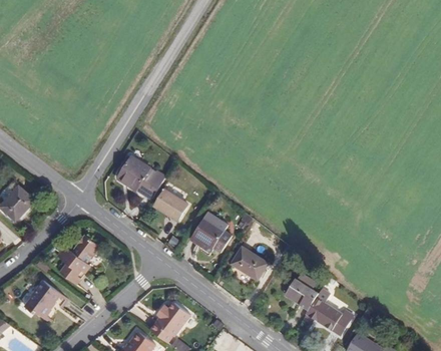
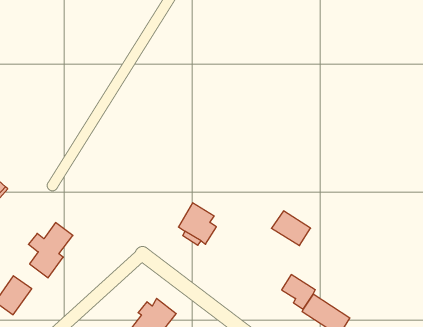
building: [118,157,163,200] -> none
building: [154,185,191,222] -> none
building: [234,248,270,280] -> [271,211,311,246]

